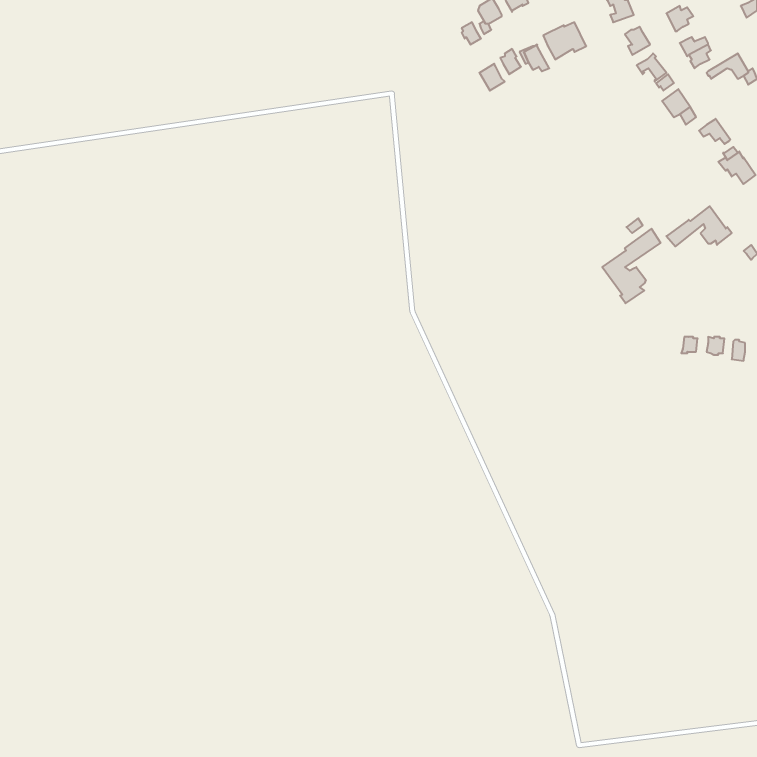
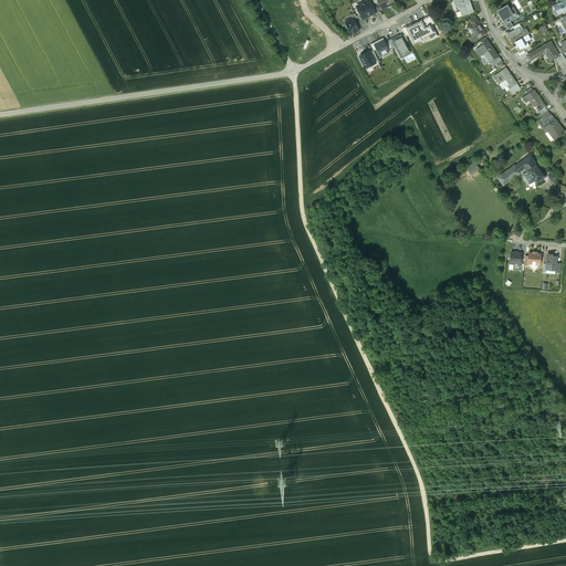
building: [602,229,660,303] -> none

